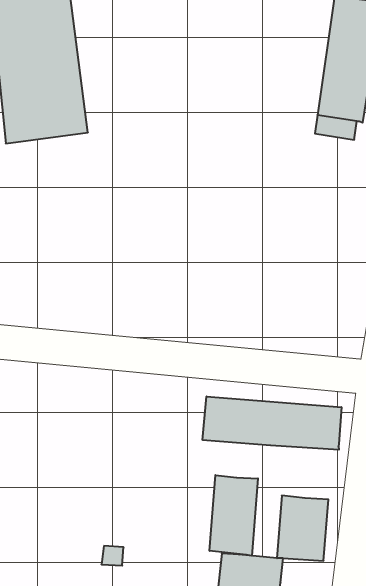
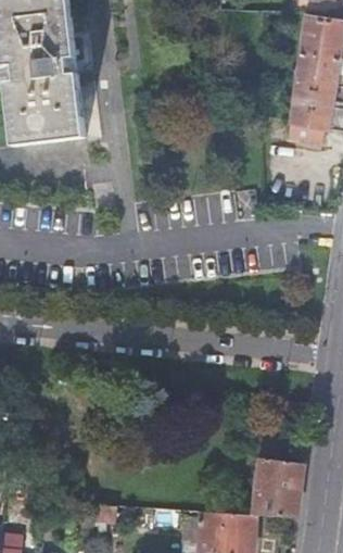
building: [203,396,341,450] -> none
building: [210,475,258,556] -> none

